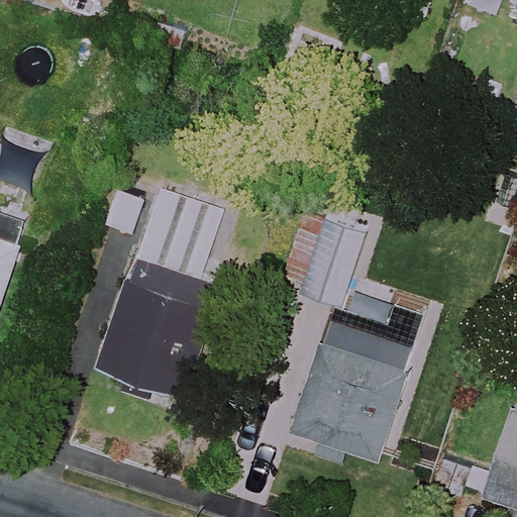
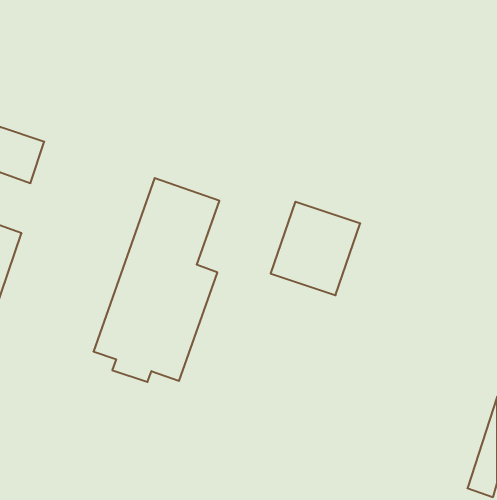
building: [291,310,419,458] -> none

